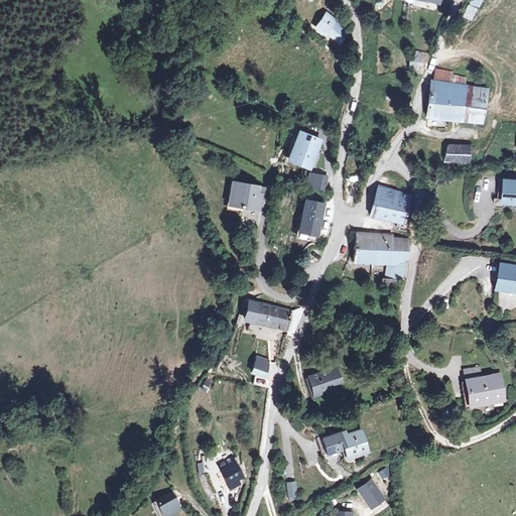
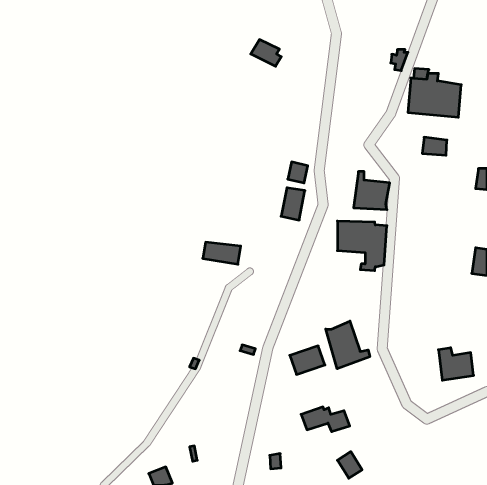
building: [310,12,343,40] -> [251,40,281,66]
building: [289,127,318,165] -> none
building: [228,178,259,205] -> none
building: [252,308,292,332] -> [203,242,241,264]
building: none -> [326,321,370,369]
building: [218,452,242,486] -> none

